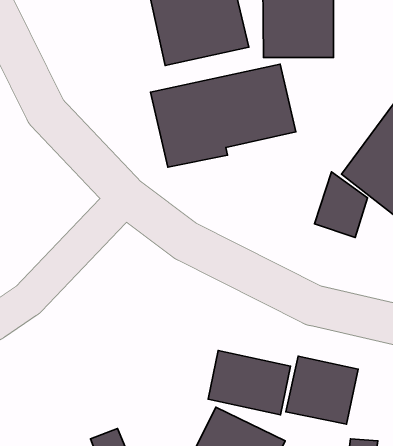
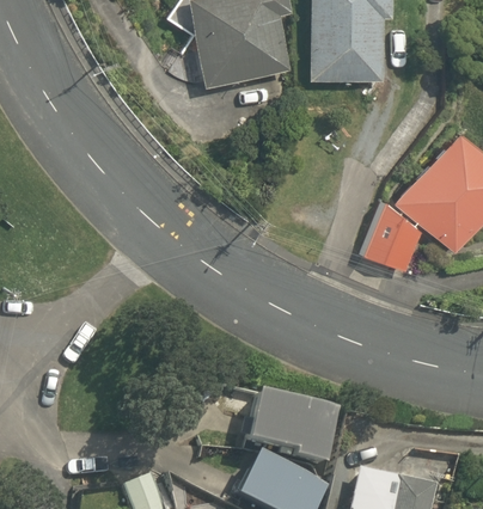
building: [151,64,296,167] -> none
building: [286,356,358,424] -> none

